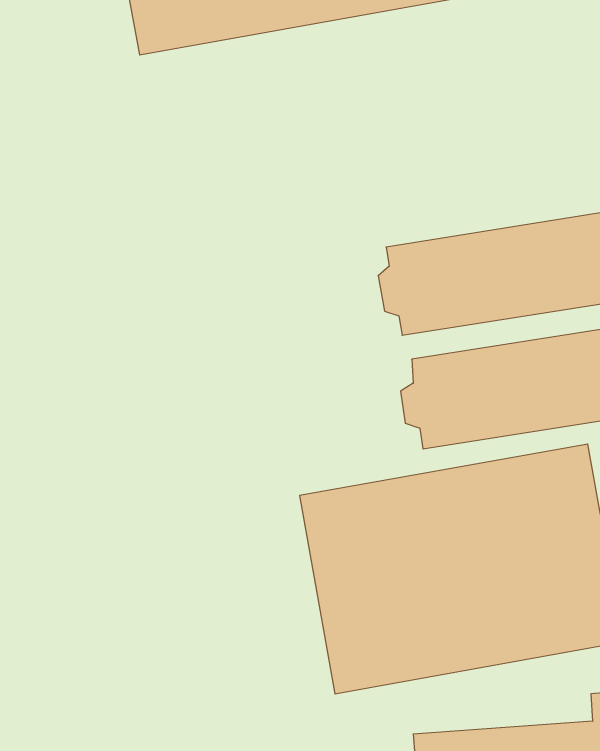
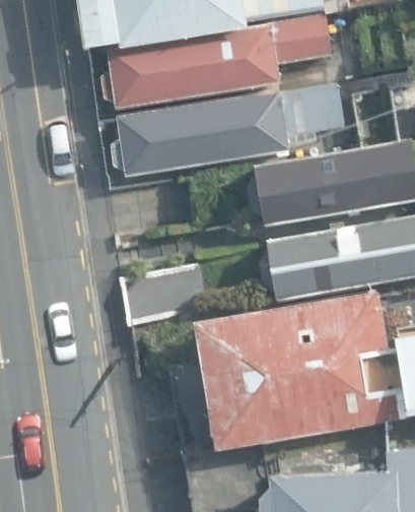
building: none -> [99,20,322,110]
building: none -> [113,85,336,174]

